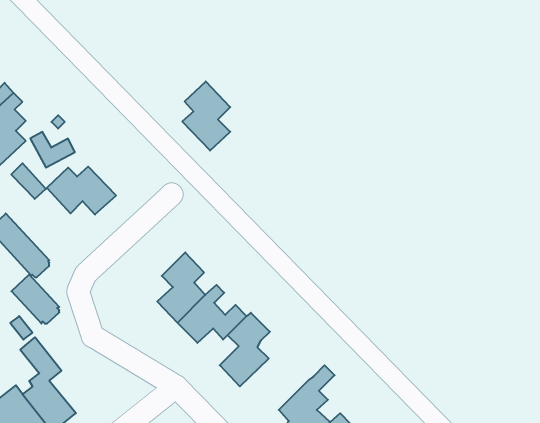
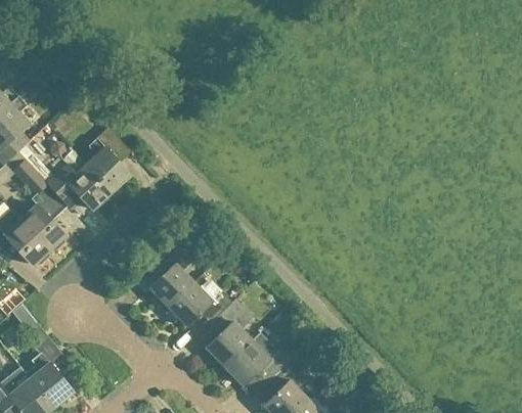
building: [182,81,230,151] -> [85,128,129,191]
building: [11,274,59,324] -> [21,205,66,250]
building: none -> [224,332,292,385]

